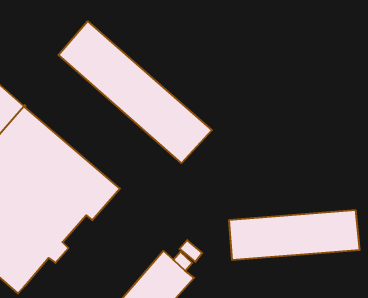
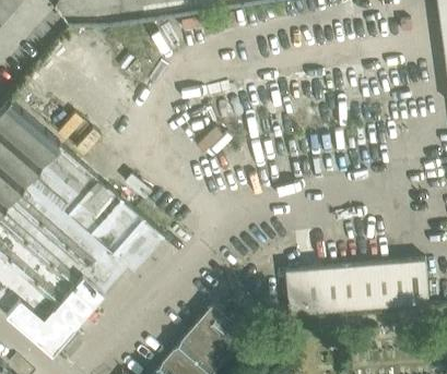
building: [58,21,212,163] -> none

